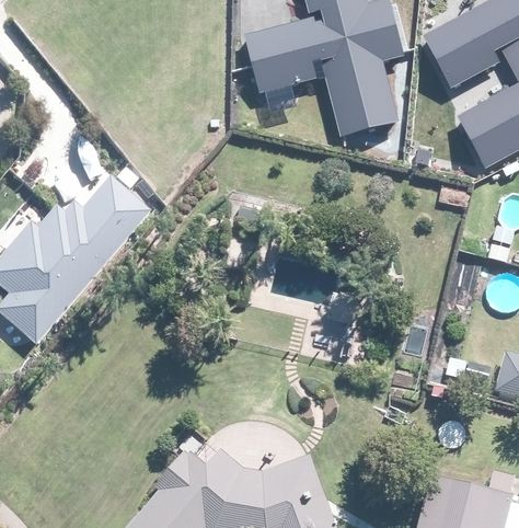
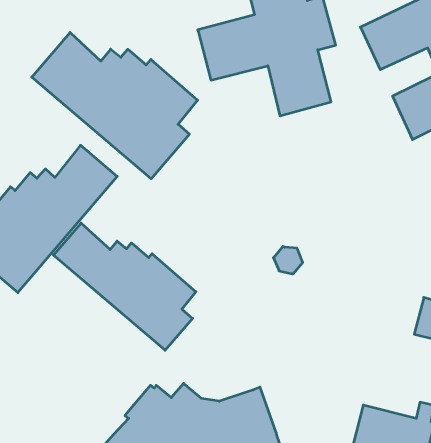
building: none -> [32,32,198,179]
building: none -> [53,223,196,350]

